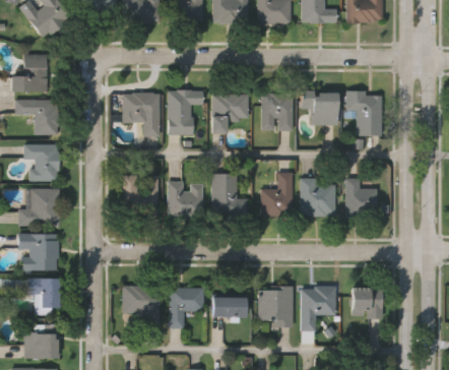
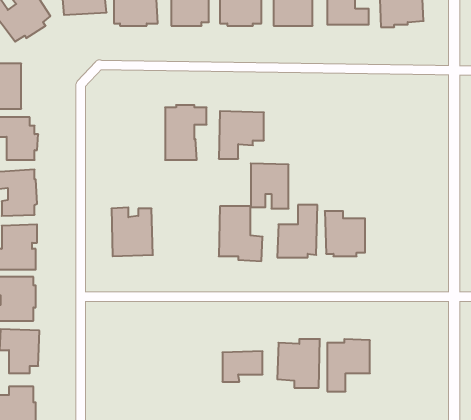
building: [121,92,157,136] -> none
building: [345,92,382,137] -> none
building: [261,94,293,131] -> [251,163,289,209]
building: [310,95,336,126] -> none
building: [343,178,374,220] -> none
building: [167,182,202,219] -> none
building: [124,285,162,326] -> none
building: [351,286,382,318] -> none
building: [171,287,204,326] -> none

